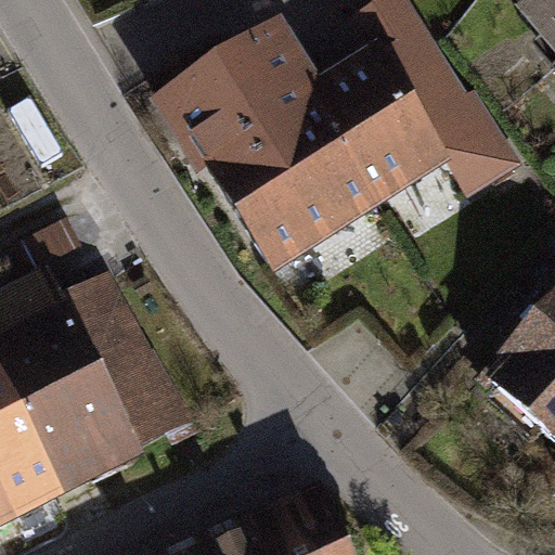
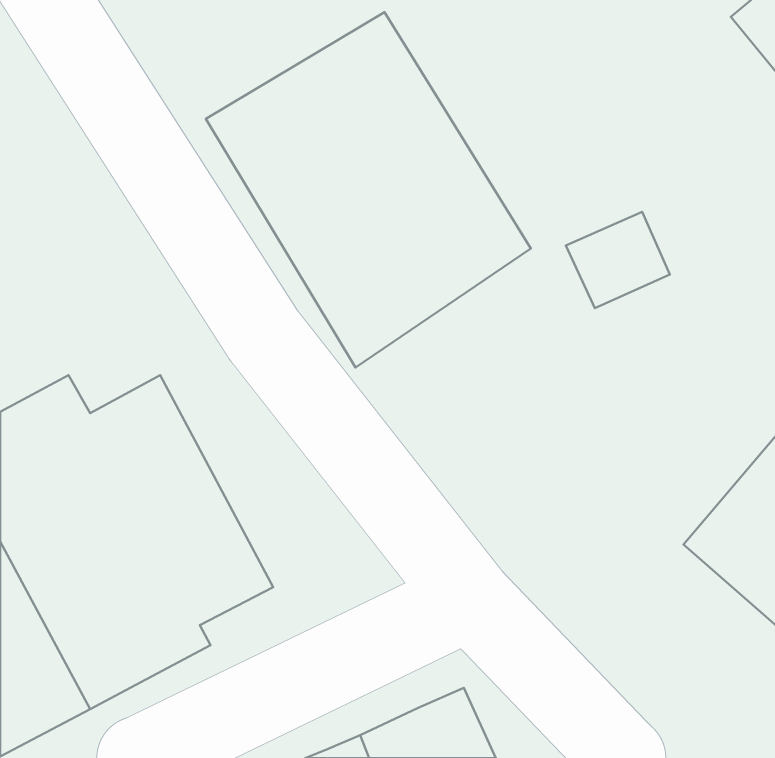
building: [310,5,479,177] -> none

